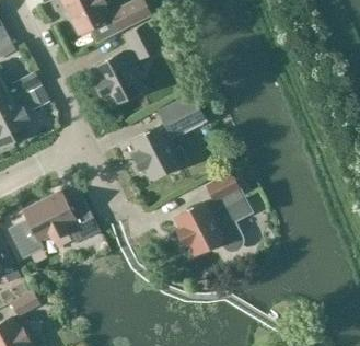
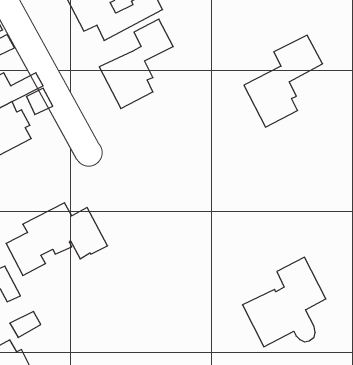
building: [131,95,204,180] -> [244,35,323,127]
building: [175,173,252,255] -> [242,257,326,347]

